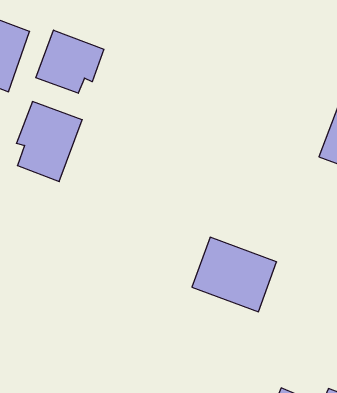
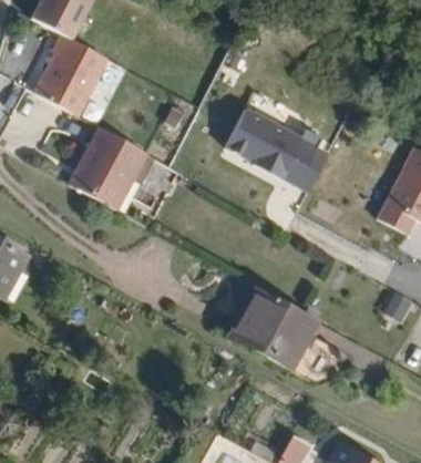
building: [36,30,104,93] -> none
building: none -> [229,111,333,194]

